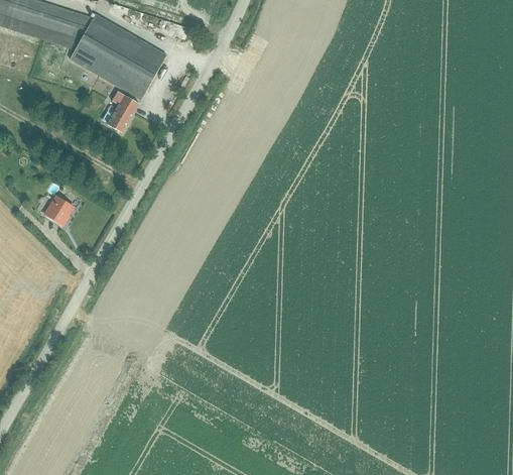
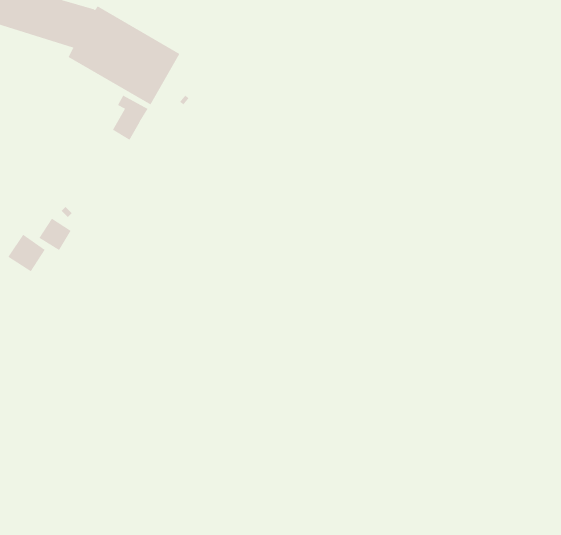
building: none -> [7,234,46,272]

